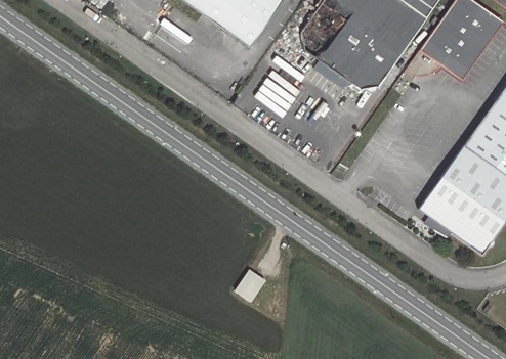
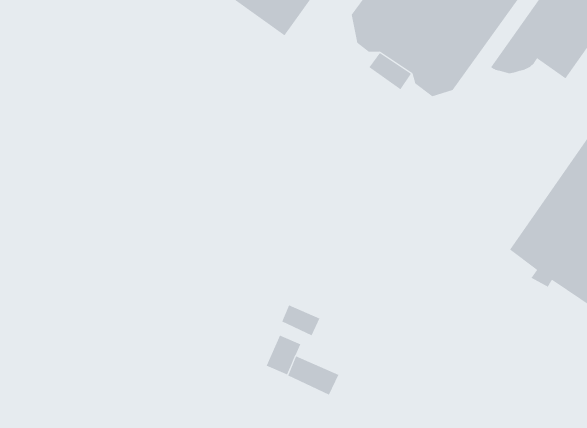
building: none -> [281,305,320,336]
building: none -> [287,356,339,396]

